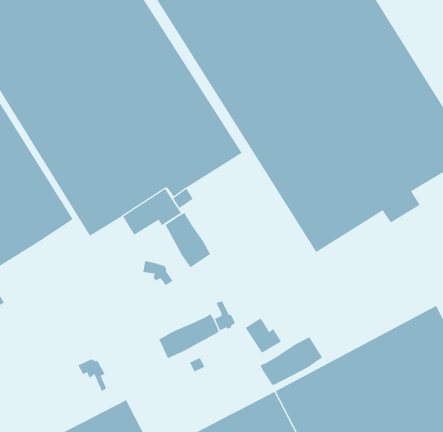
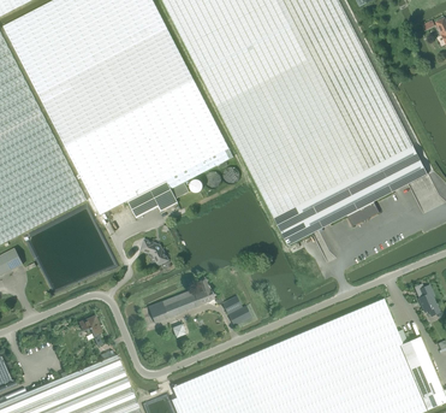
building: [166,212,211,268] -> none
building: [260,336,323,385] -> none

